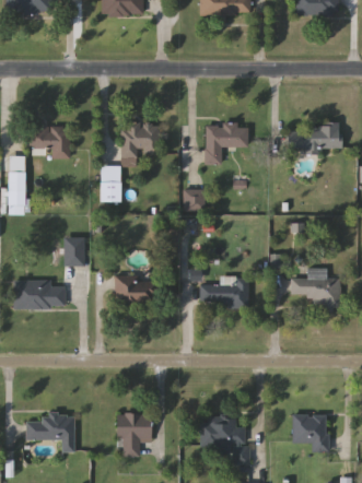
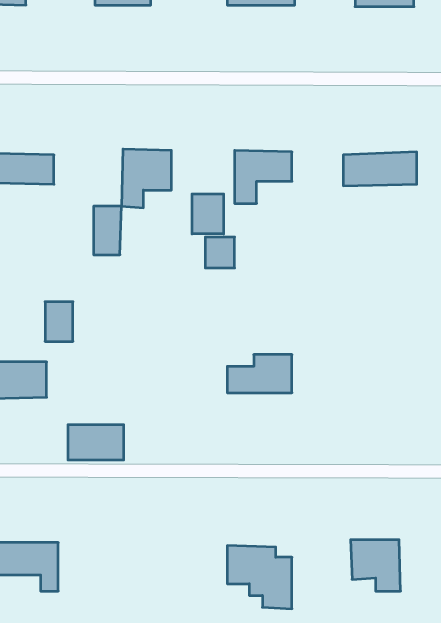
building: none -> [192,194,224,234]
building: [291,268,341,309] -> none
building: [116,276,157,303] -> [68,425,124,460]
building: [117,413,151,455] -> none

